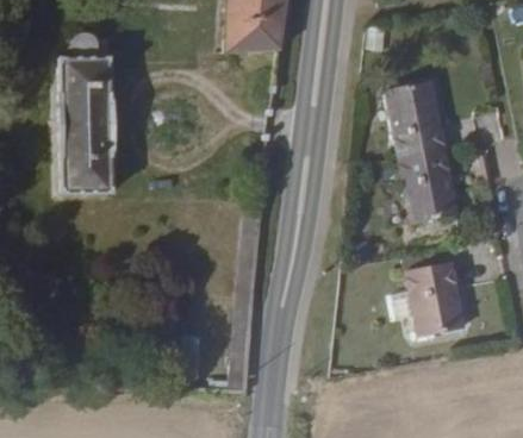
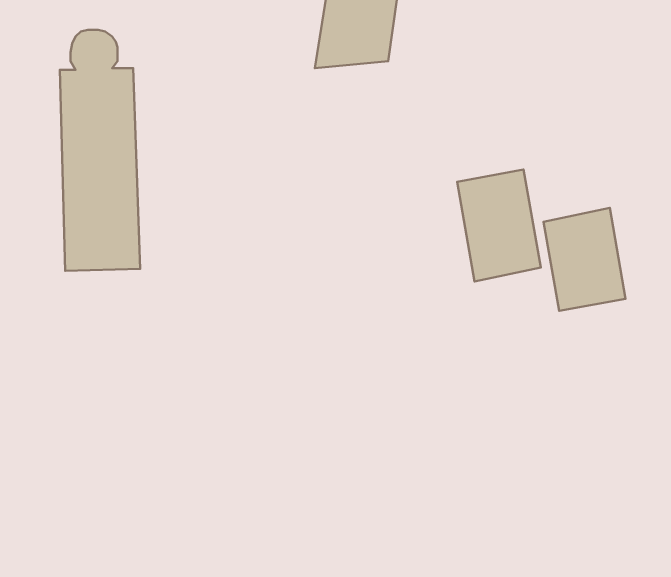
building: [382,81,440,157] -> [457,170,541,281]
building: [399,259,457,333] -> none

